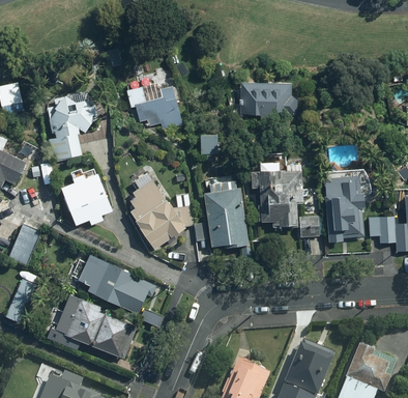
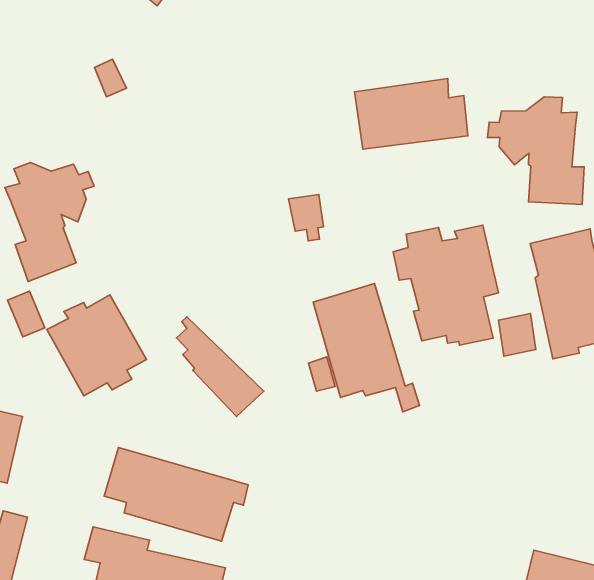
building: [128,86,185,131] -> none
building: none -> [487,97,584,205]
building: [135,173,195,236] -> none

